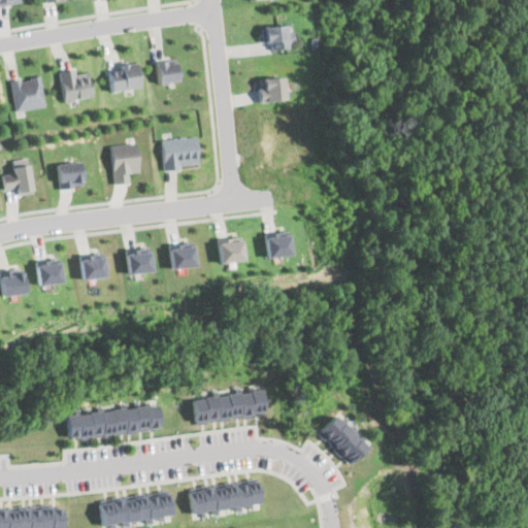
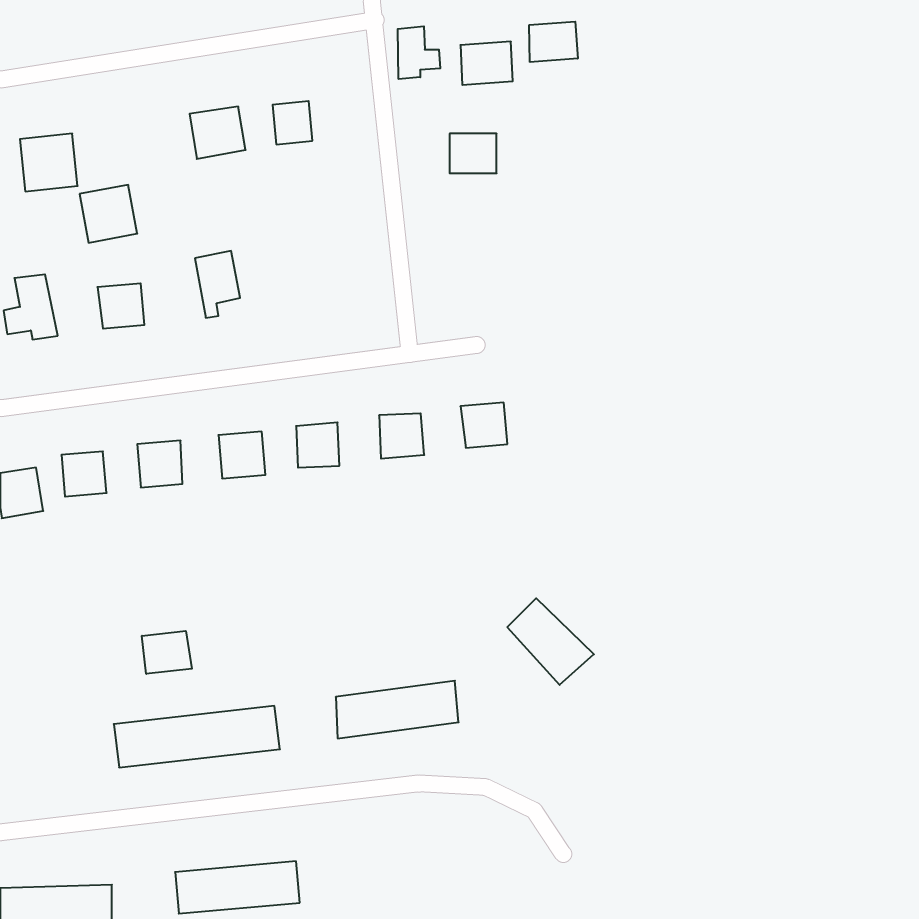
building: none -> [529,22,578,62]
building: none -> [398,26,440,79]
building: [62,69,95,102] -> [80,185,137,243]
building: [162,137,199,171] -> none
building: none -> [142,631,192,674]
building: [318,416,367,465] -> [507,598,594,685]
building: [194,485,260,512] -> none

